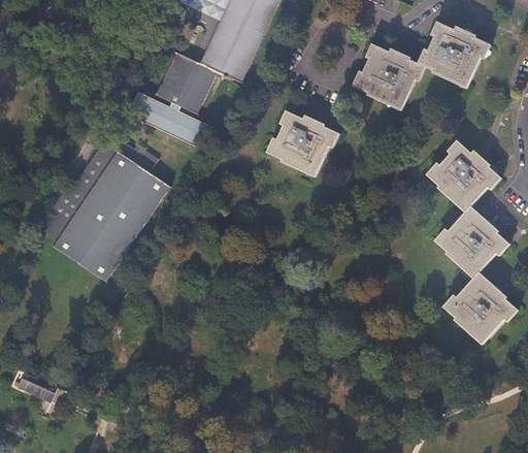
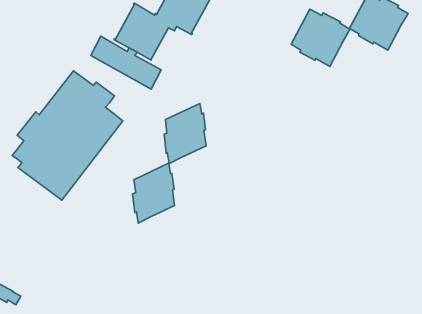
building: [269,111,335,175] -> none
building: [428,142,515,343] -> none
building: none -> [132,104,206,223]

